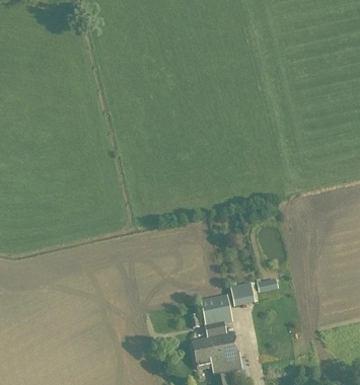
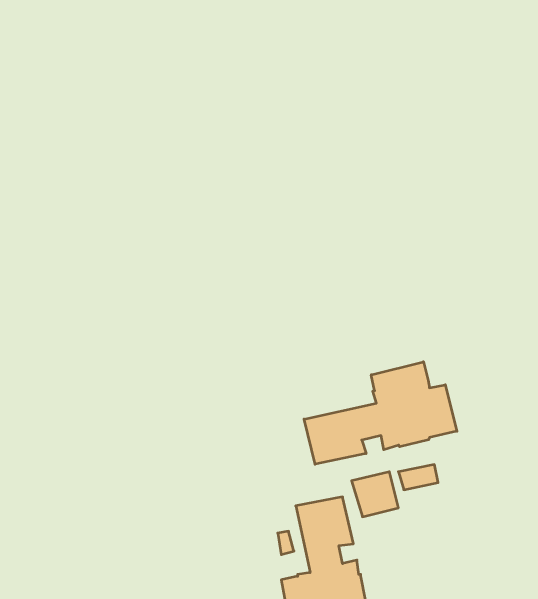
building: none -> [304,362,457,464]

